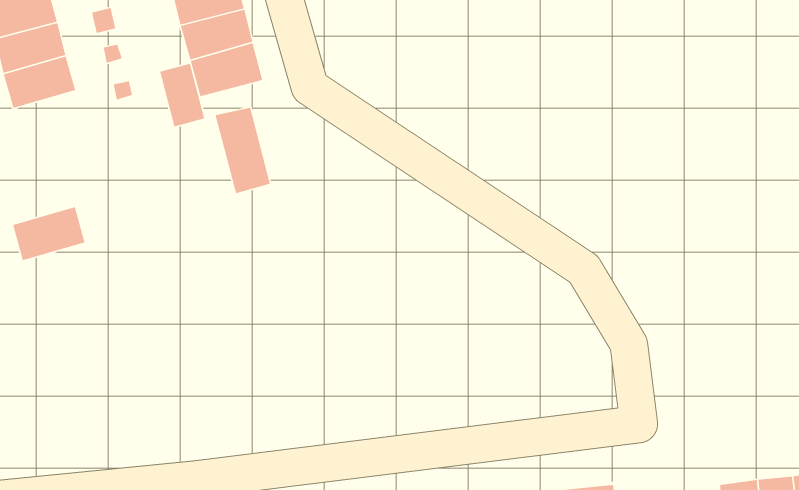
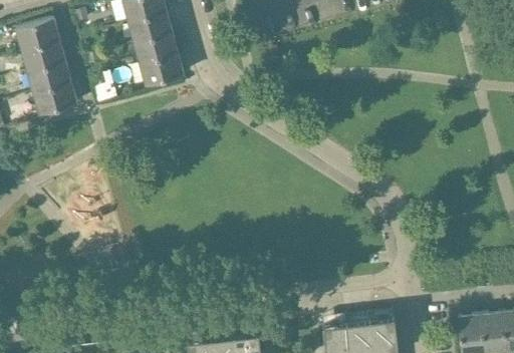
building: [159,63,205,127] -> none
building: [215,107,271,194] -> none
building: [12,206,86,261] -> [33,84,77,117]

